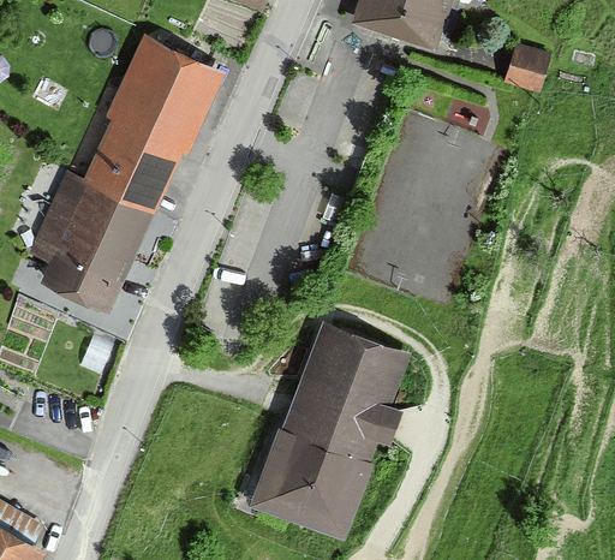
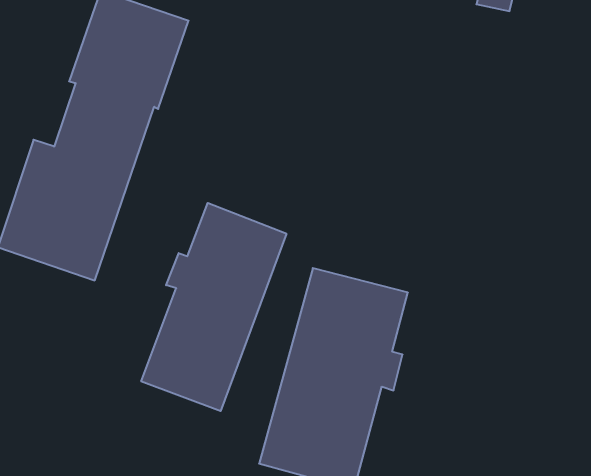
building: none -> [141,203,286,411]

